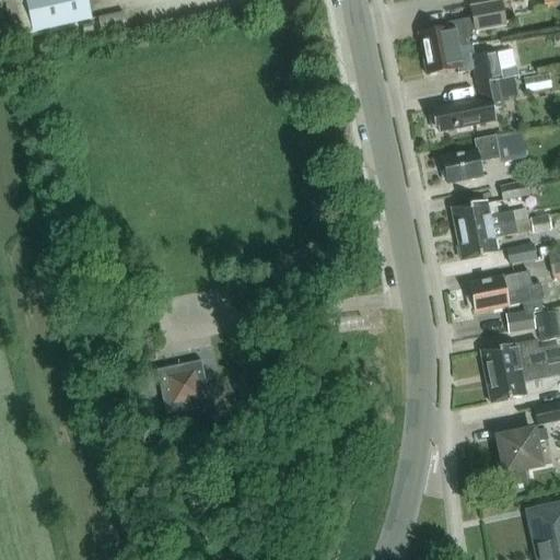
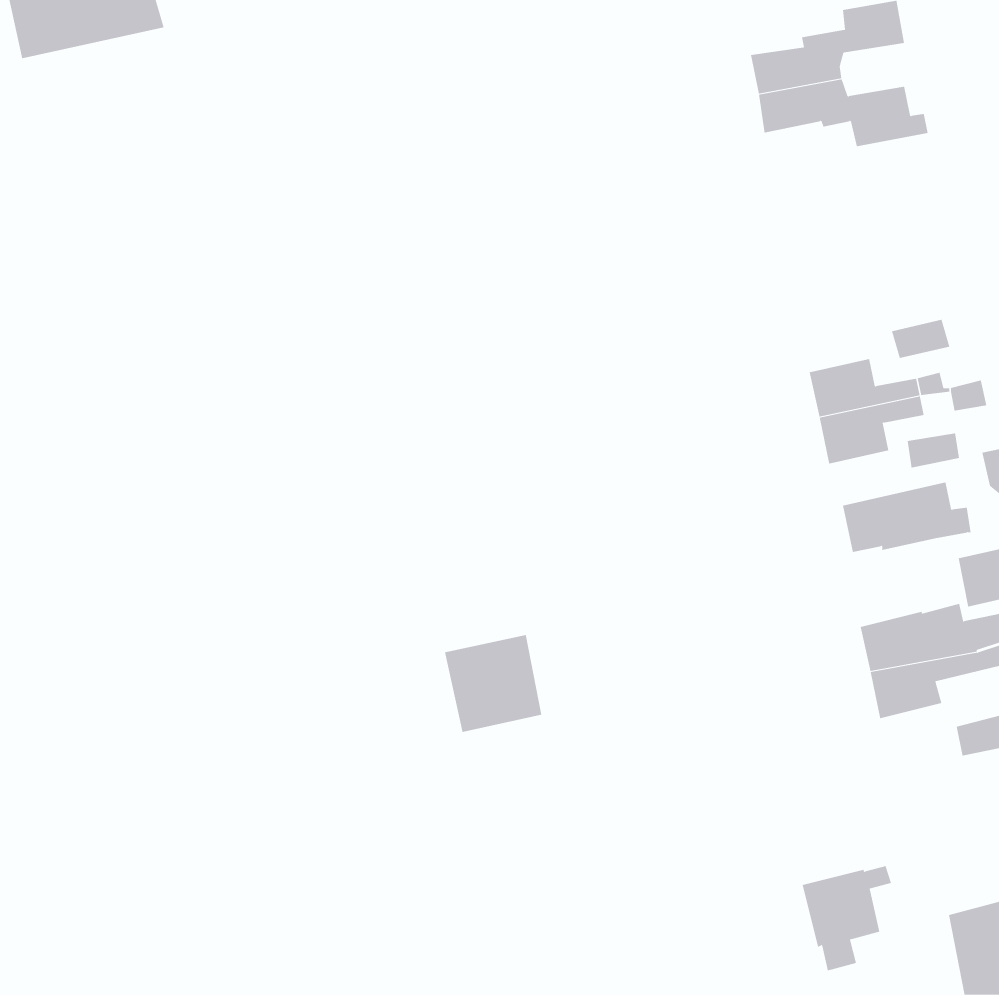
building: [434,77,517,130] -> none
building: [443,131,526,184] -> none
building: [508,298,542,331] -> none
building: [158,359,212,413] -> [444,635,542,733]
building: [499,425,549,485] -> [802,865,892,971]

